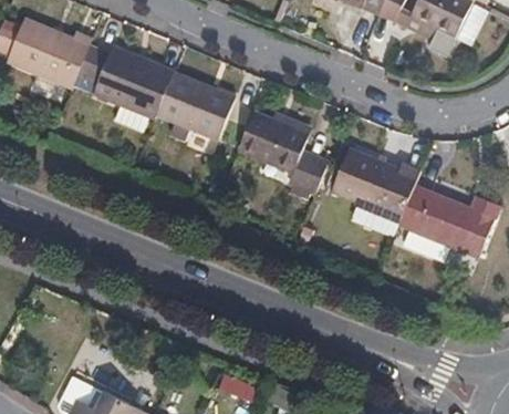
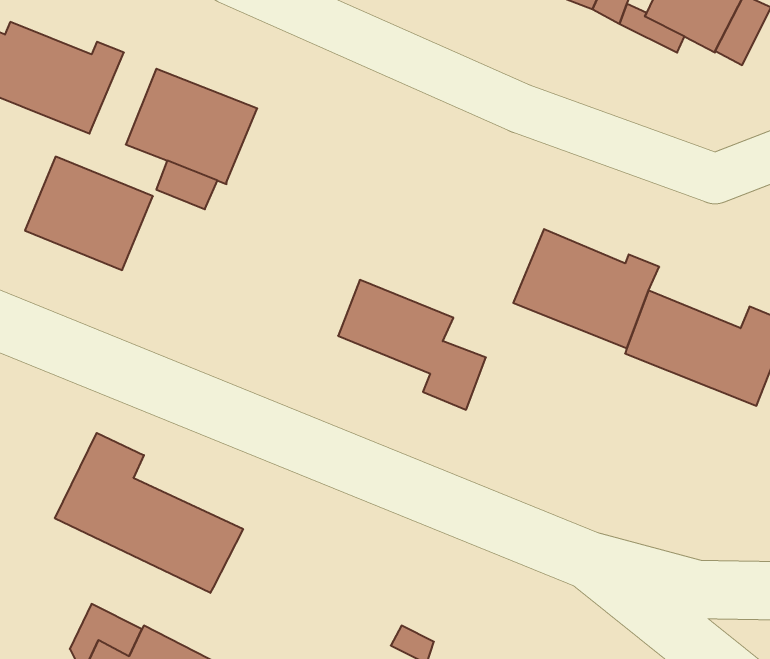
building: [155,73,233,143] -> [25,157,153,270]
building: [237,116,328,196] -> [338,280,486,410]
building: none -> [55,433,243,593]

